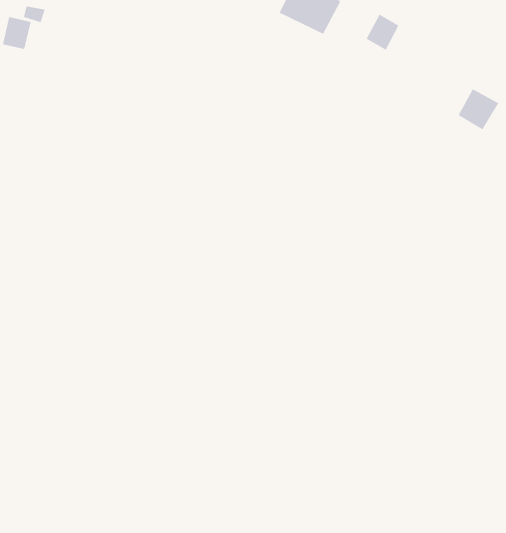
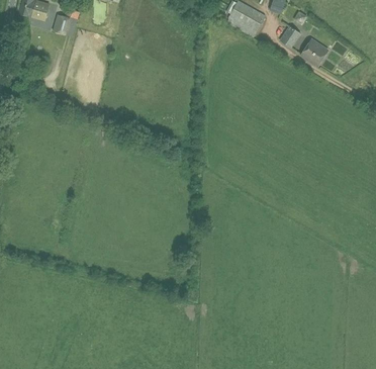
building: [458,89,499,130] -> [301,38,327,65]

